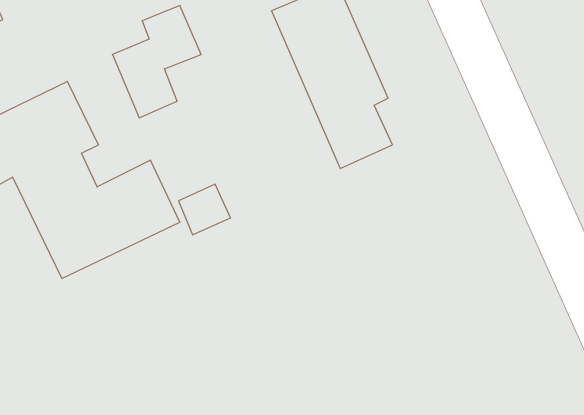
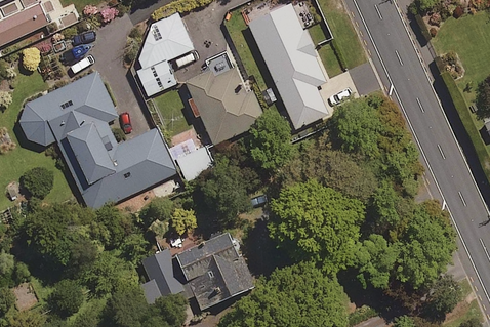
building: none -> [182,67,263,144]
building: none -> [138,228,252,308]

